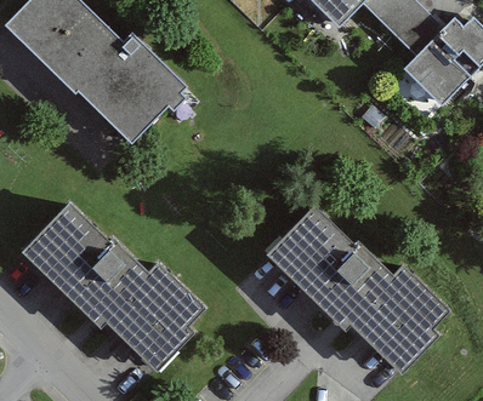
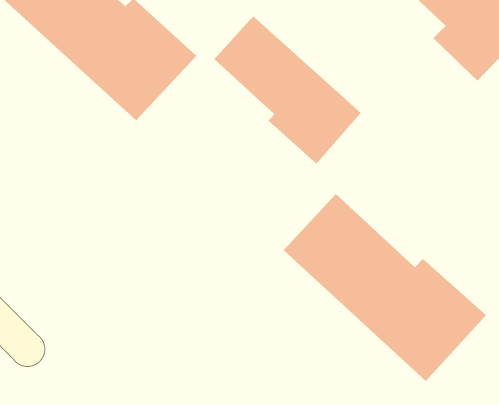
building: none -> [213,16,362,164]
building: [27,204,209,372] -> none

